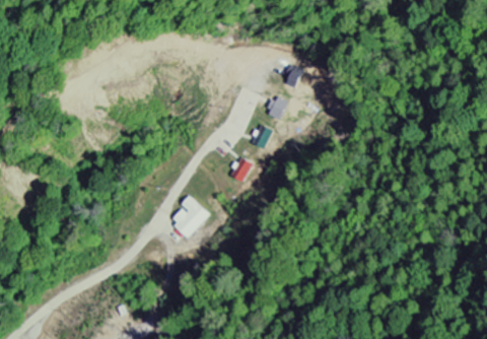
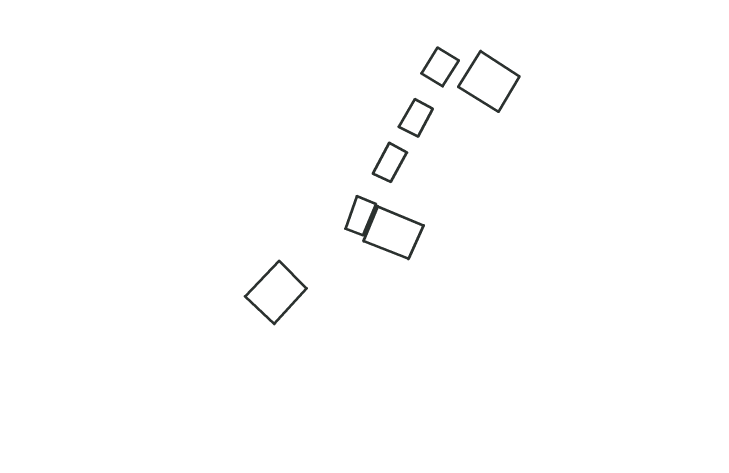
building: none -> [458,51,519,112]
building: none -> [364,206,424,259]

